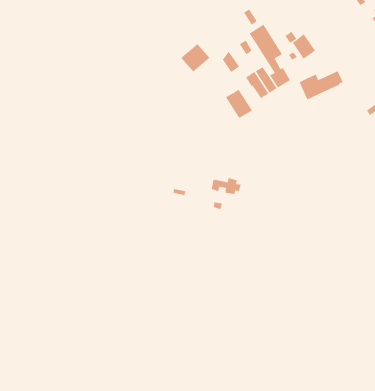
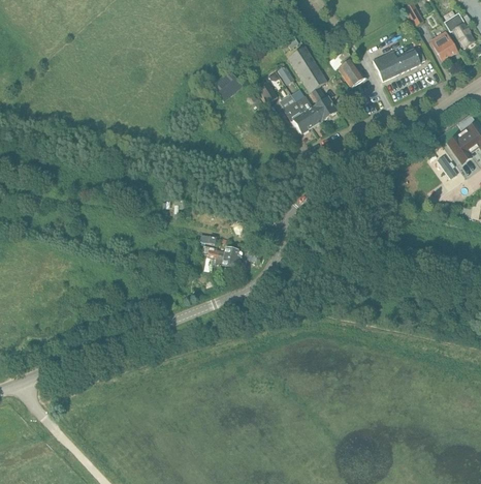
building: [299,70,344,100] -> [373,46,424,80]
building: [225,89,253,119] -> none
building: [211,177,241,194] -> [206,246,242,266]

